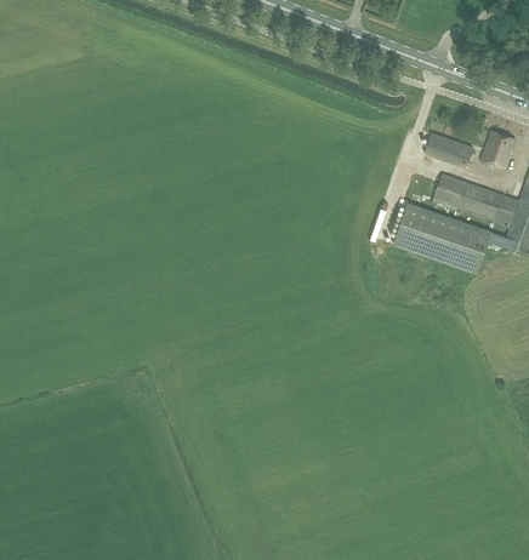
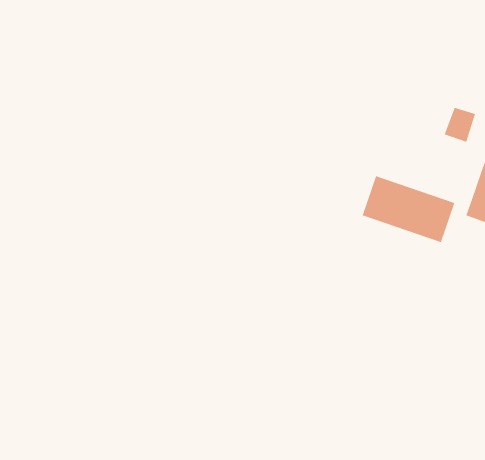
building: [423,132,473,167] -> none
building: [432,172,518,228] -> none

